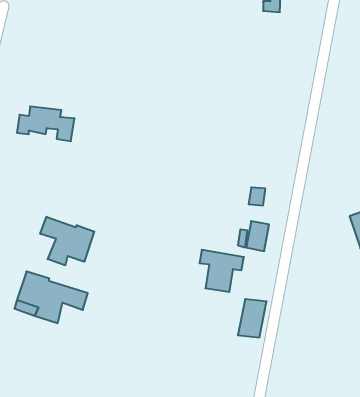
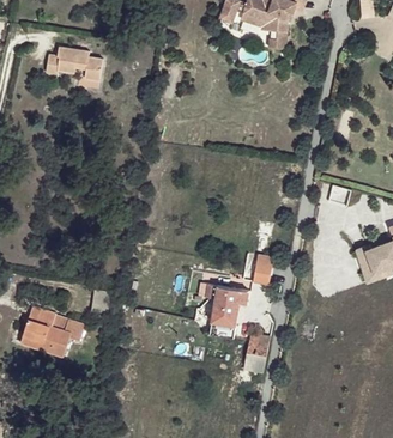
building: [17,106,75,141] -> [44,47,102,81]
building: [40,217,94,265] -> none

